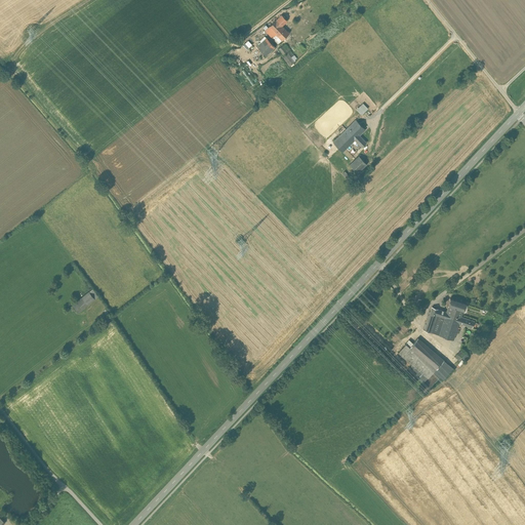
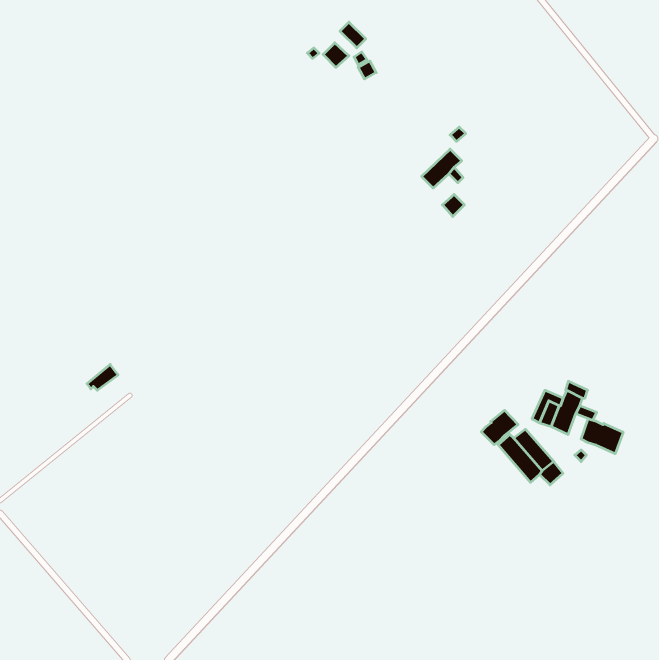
building: none -> [481,410,518,445]
building: none -> [581,419,623,454]

